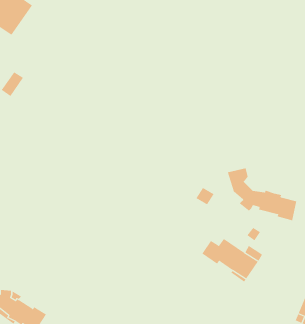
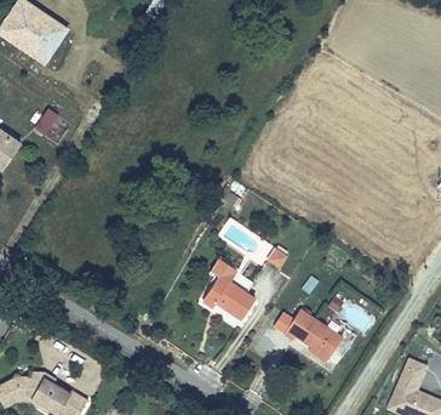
building: [227,167,297,221] -> none
building: none -> [202,258,257,322]

